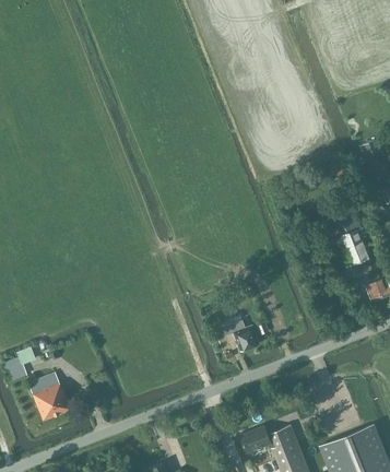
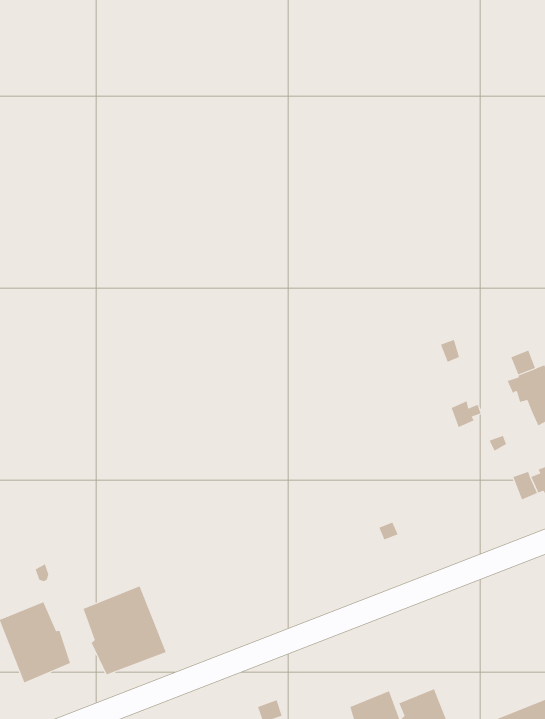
building: [227,319,259,351] -> none
building: none -> [83,586,166,675]

